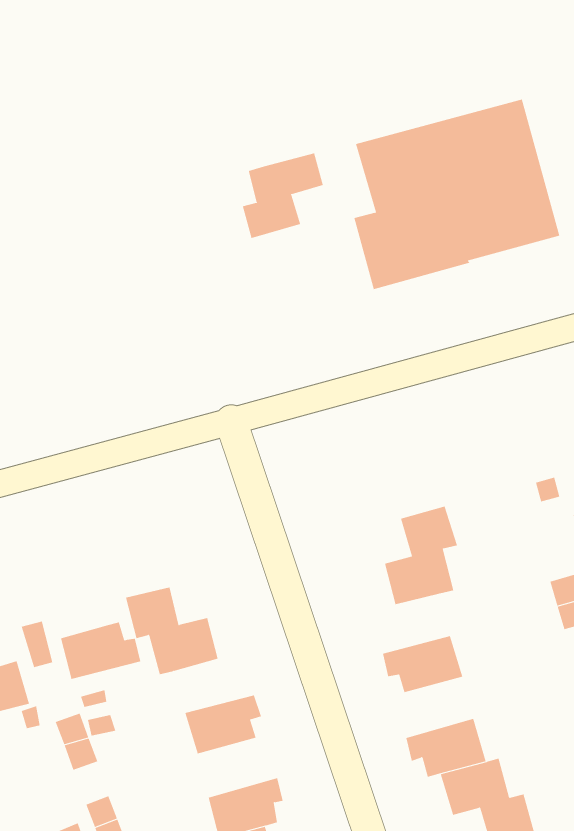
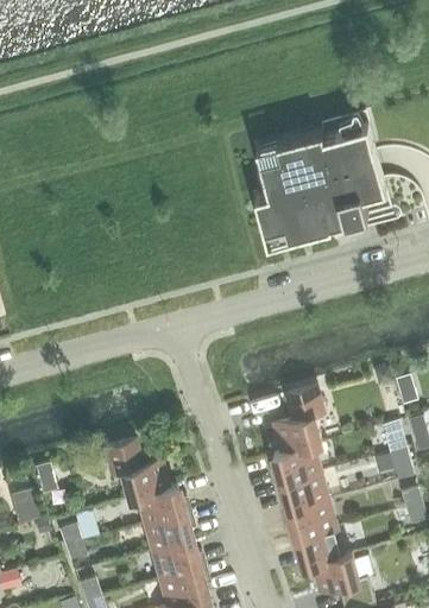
building: [242,153,324,239] -> none
building: none -> [270,445,320,484]
building: [60,622,141,679] -> [137,486,190,524]
building: none -> [285,500,335,540]
building: none -> [152,540,206,580]

